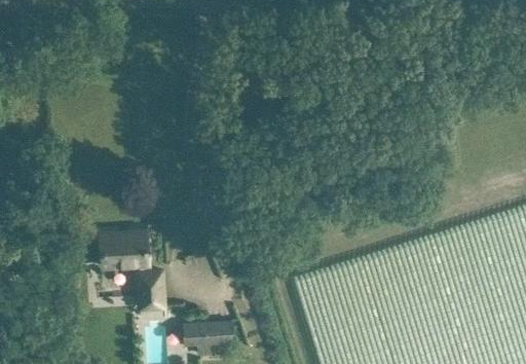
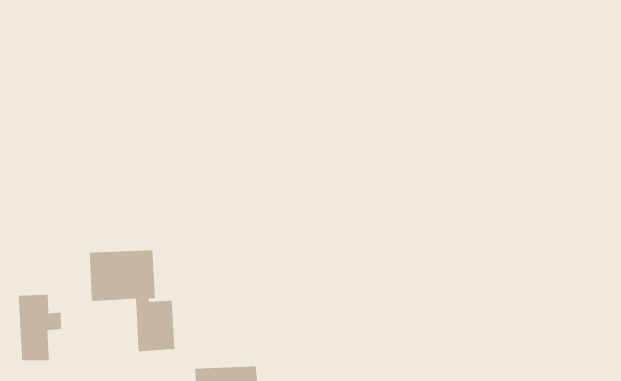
building: none -> [18,294,62,361]

